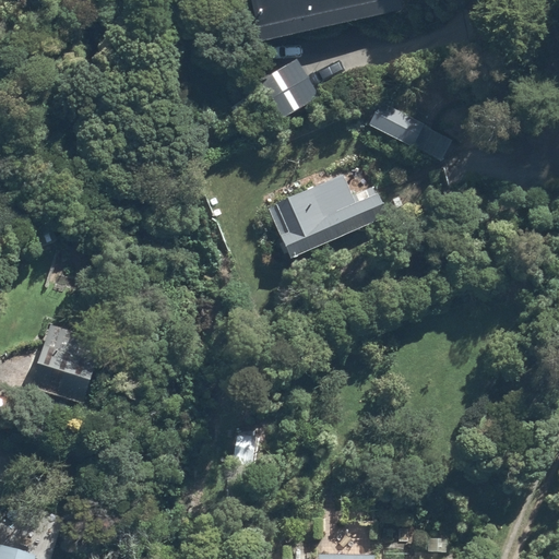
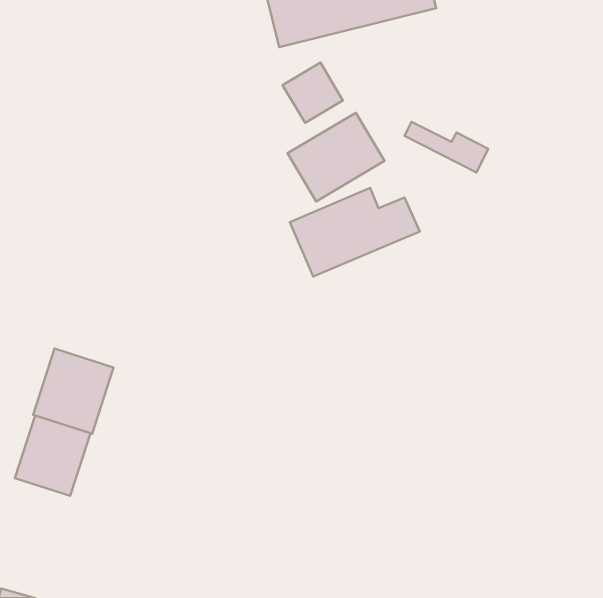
building: none -> [288,113,385,201]
building: none -> [15,416,90,496]

